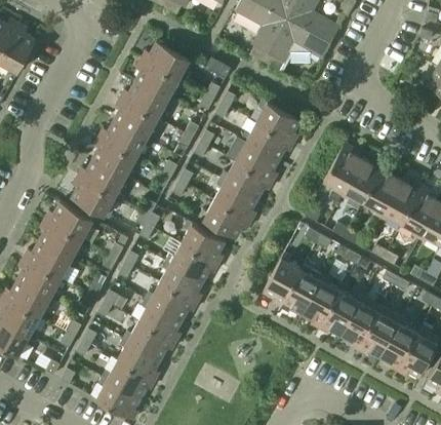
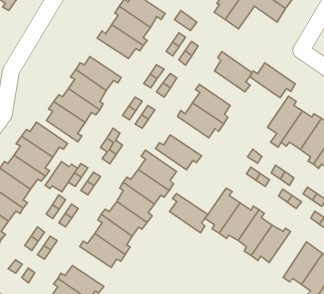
building: [113,99,157,141] -> none
building: [241,122,293,160] -> [250,63,295,98]
building: [213,179,257,221] -> [169,193,208,233]
building: none -> [45,161,77,192]
building: [340,297,380,350] -> none
building: [117,338,161,381] -> none

